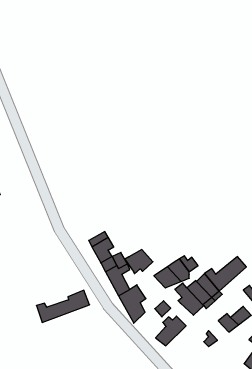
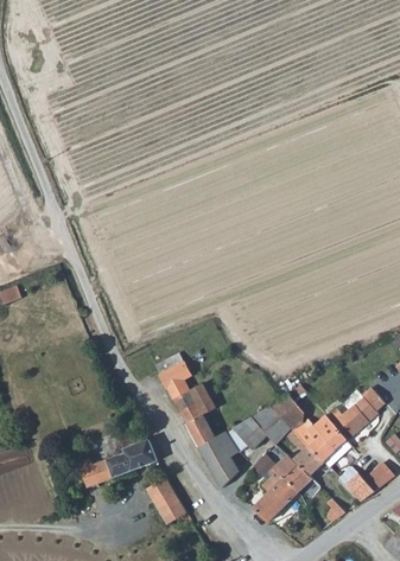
building: [125,250,153,274] -> [224,417,266,453]
building: none -> [269,458,311,491]
building: none -> [144,473,185,523]

